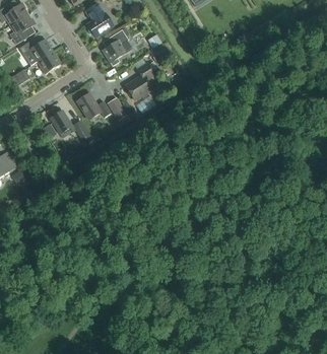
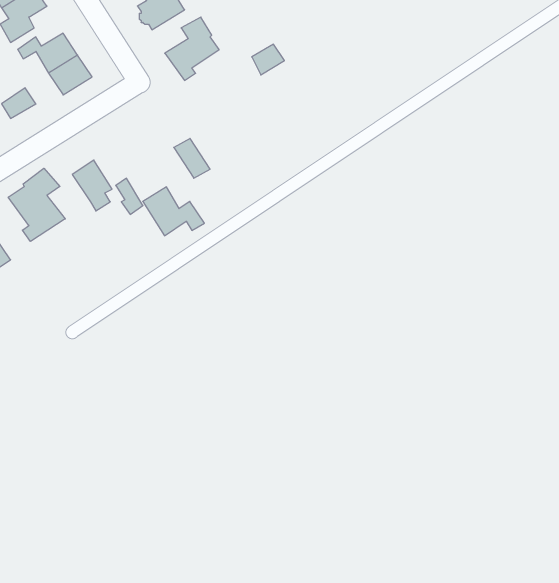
building: [125,63,154,99] -> none
building: [76,92,111,120] -> [143,187,204,236]
building: none -> [8,168,65,241]

